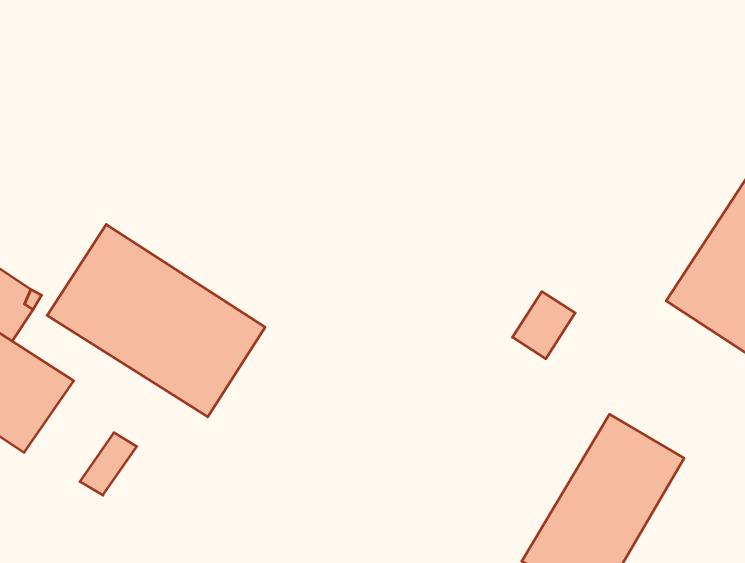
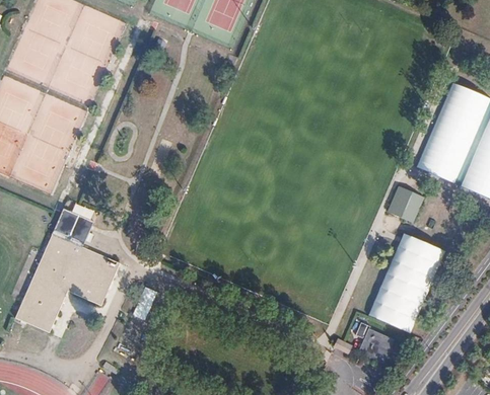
building: [47,224,265,417] -> none
building: [512,292,575,359] -> [393,188,423,223]

